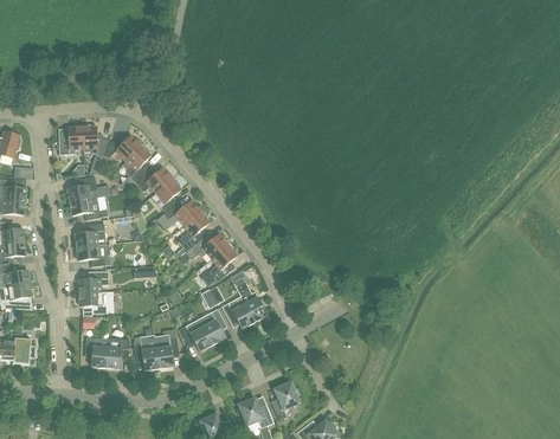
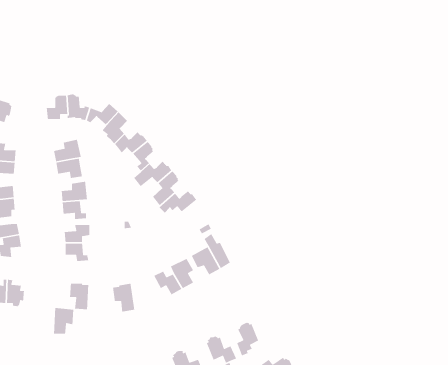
building: [200,243,237,285] -> none
building: [154,330,178,367] -> none
building: [105,336,129,367] -> [53,307,74,334]

